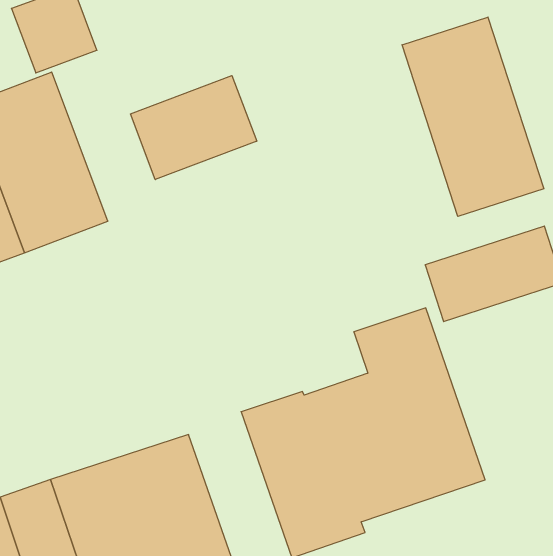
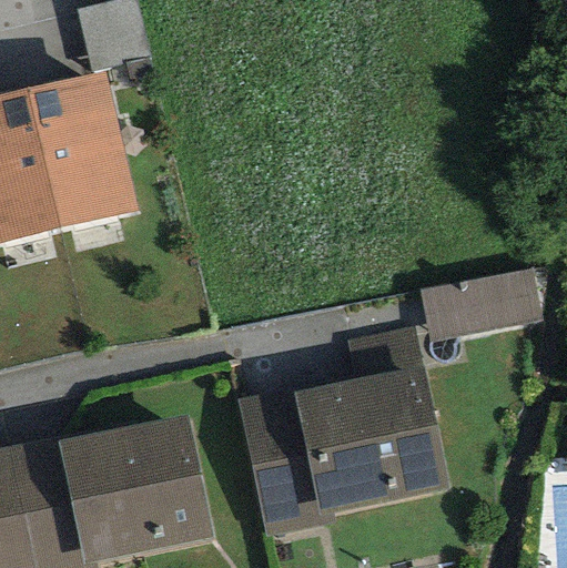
building: [402,17,544,216] -> none
building: [130,76,257,180] -> none

